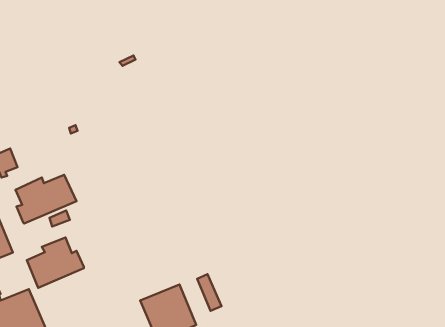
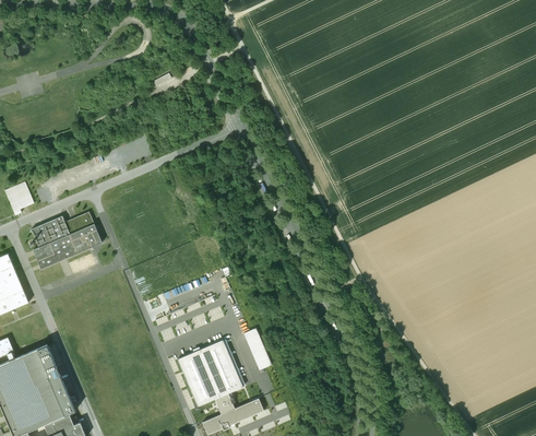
building: [27,238,84,288] -> none

